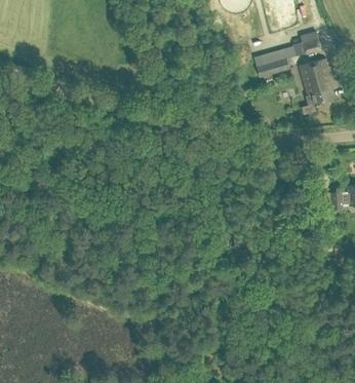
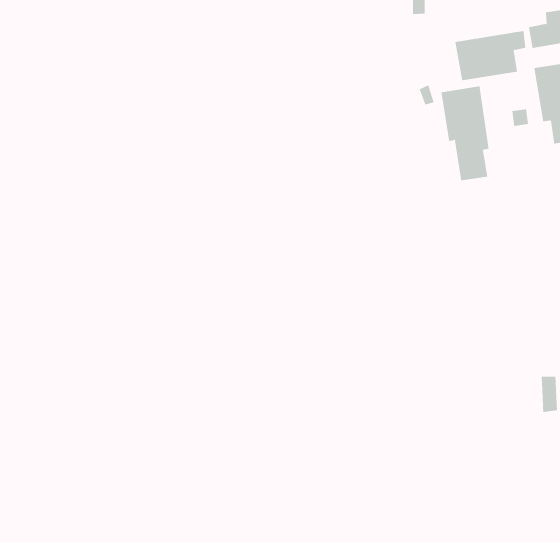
building: none -> [441,86,489,181]

